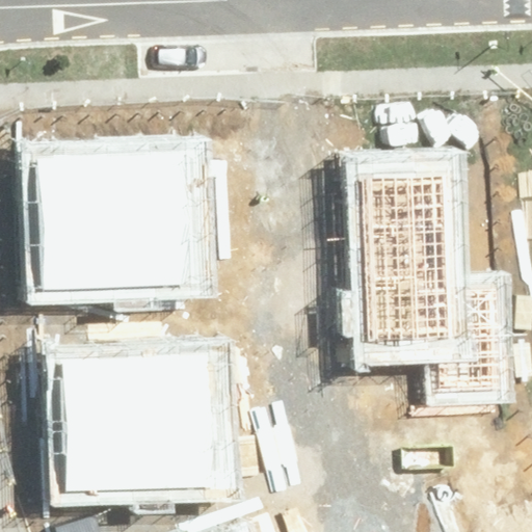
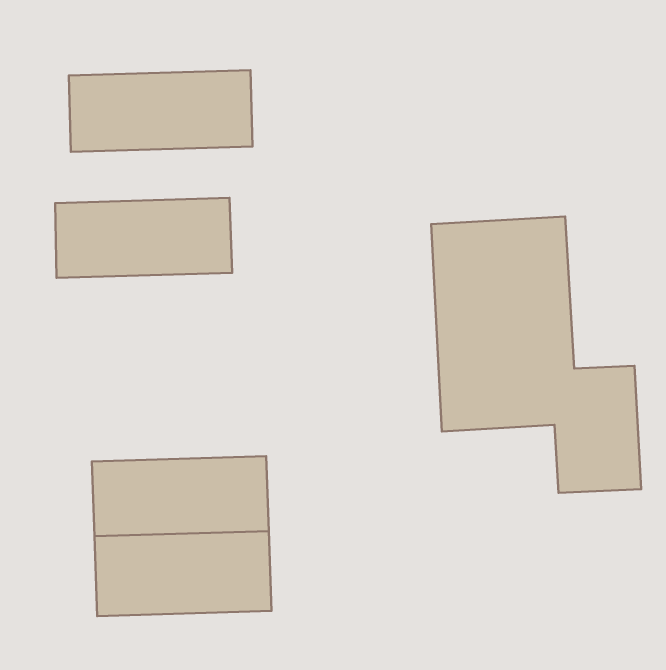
building: none -> [69,70,252,152]
building: [48,216,189,284] -> none

